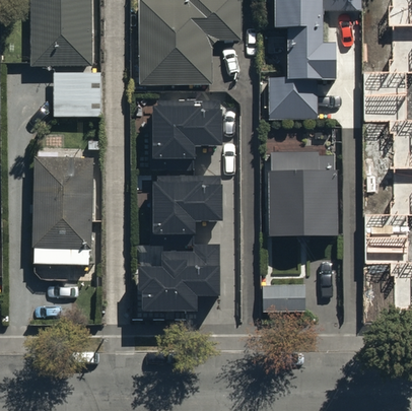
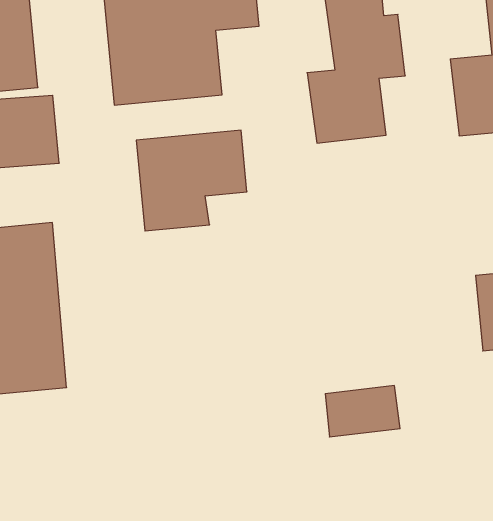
building: [267,155,336,237] -> none
building: [151,180,222,232] -> none
building: [142,250,218,311] -> none

